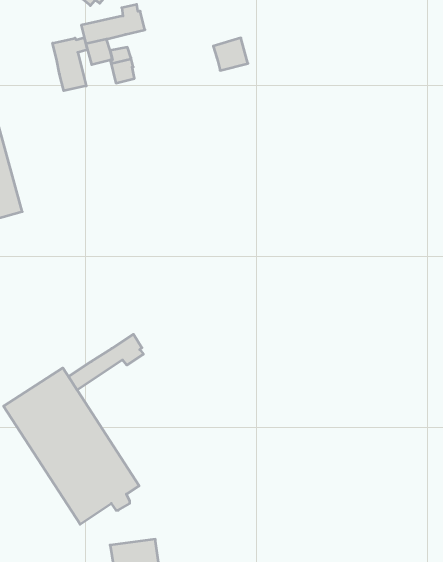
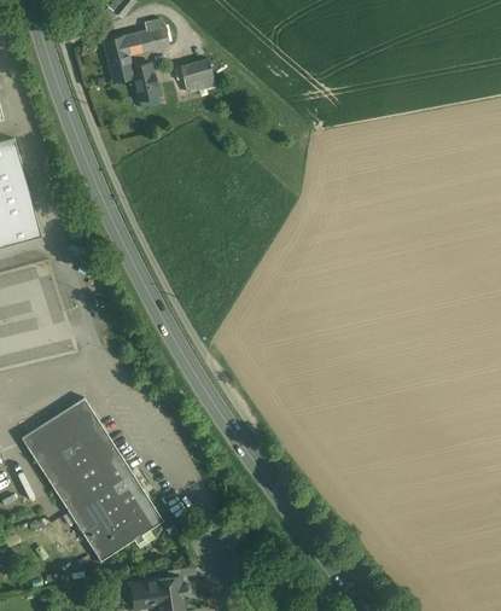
building: [53,38,87,91] -> none
building: [213,38,248,70] -> [179,59,215,93]
building: [69,334,143,390] -> none

